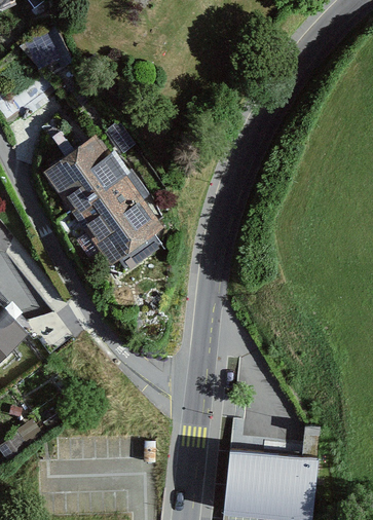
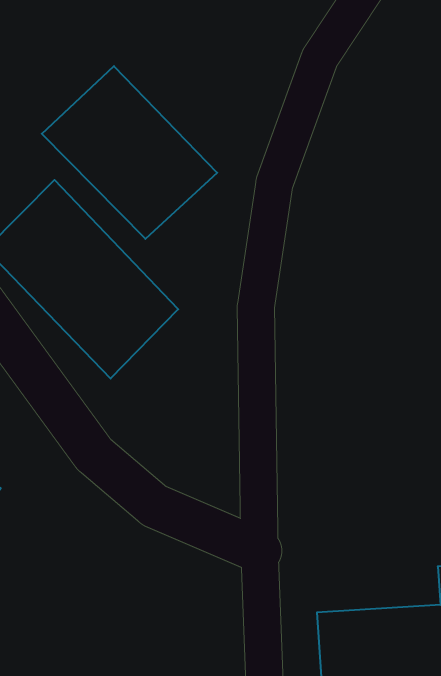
building: none -> [42,66,217,239]

